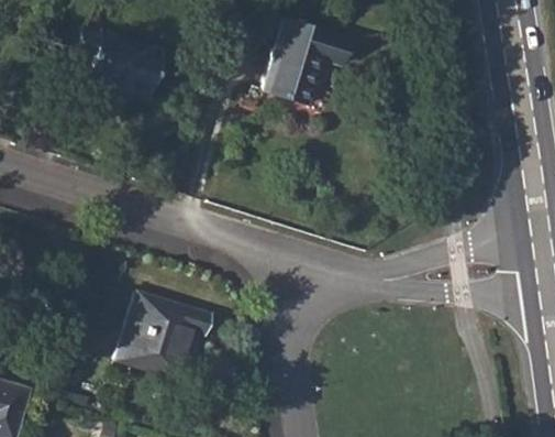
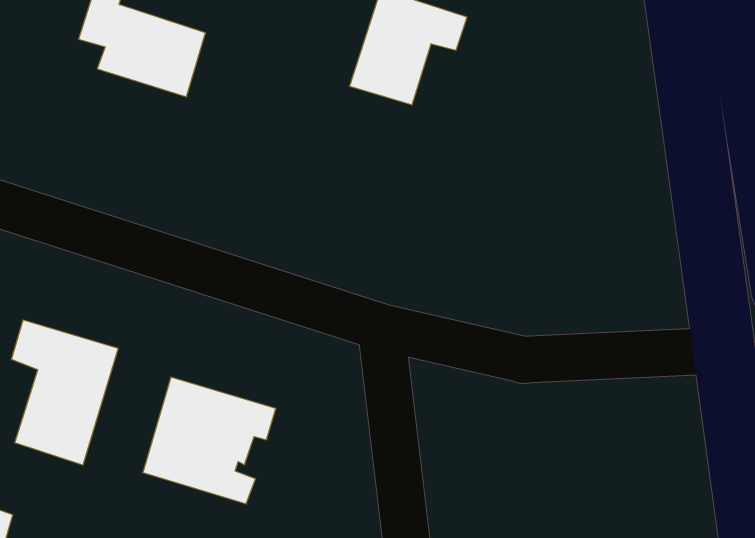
building: none -> [11,320,118,465]

